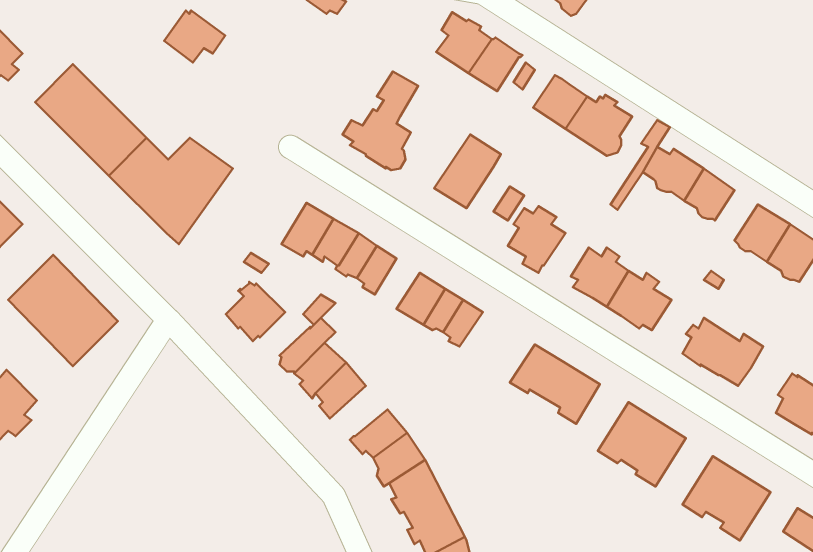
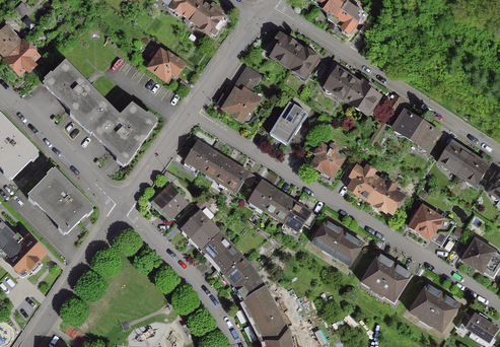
building: [164,10,225,62] -> [148,50,183,79]
building: none -> [283,202,316,231]
building: none -> [210,244,242,272]

